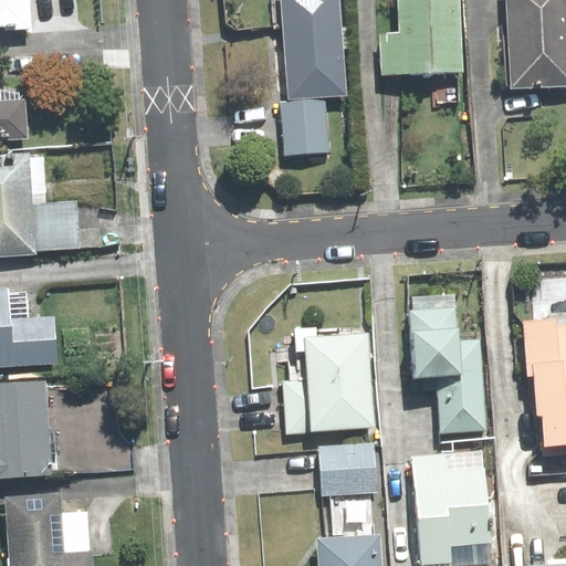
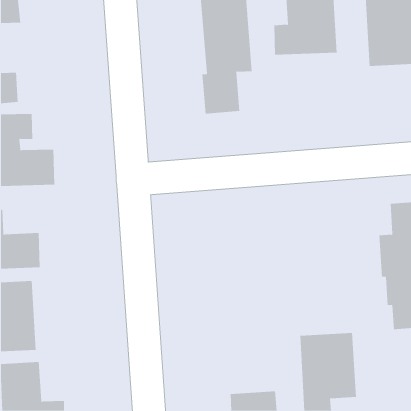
building: [405,294,488,434] -> none
building: [283,328,373,434] -> none
building: [316,441,379,495] -> none

